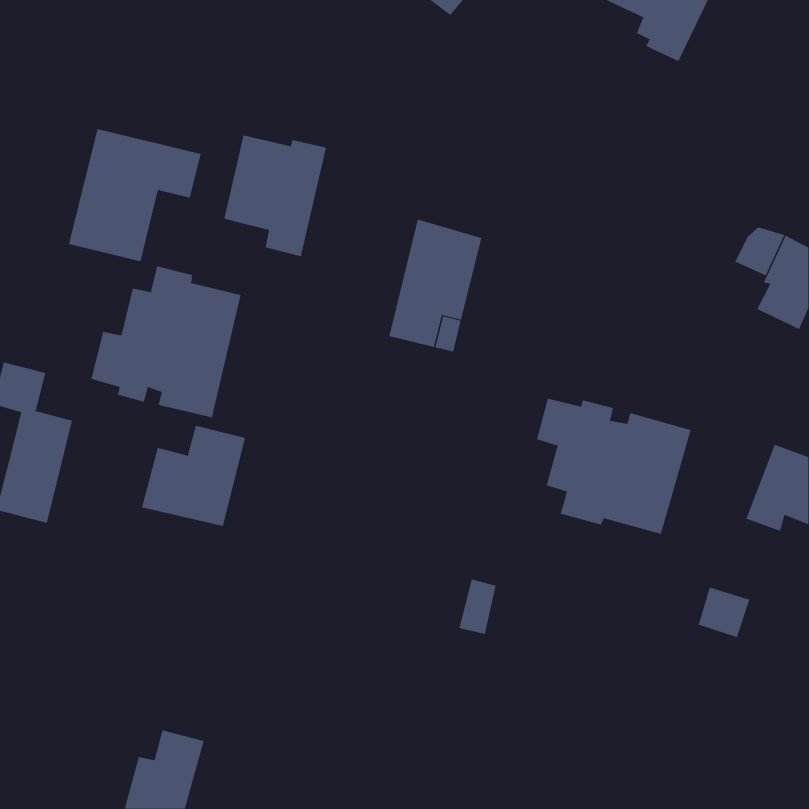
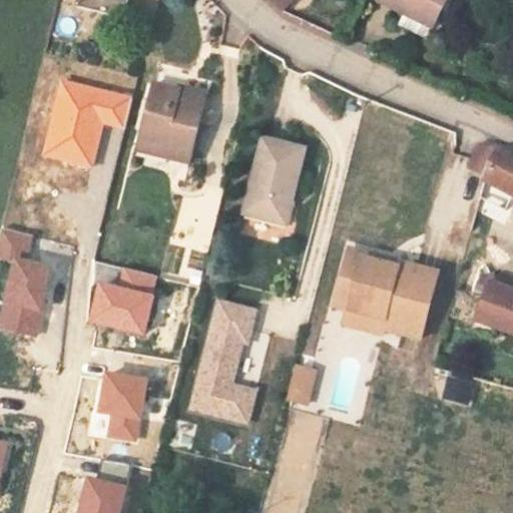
building: [91,265,241,418] -> none
building: none -> [190,302,253,422]
building: none -> [99,373,145,440]

